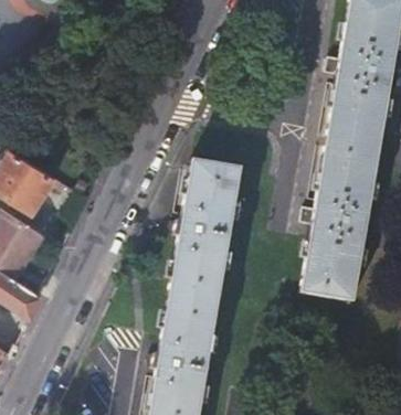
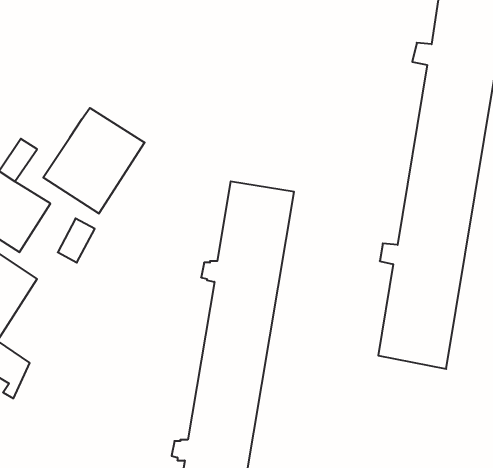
building: none -> [43,108,145,214]

